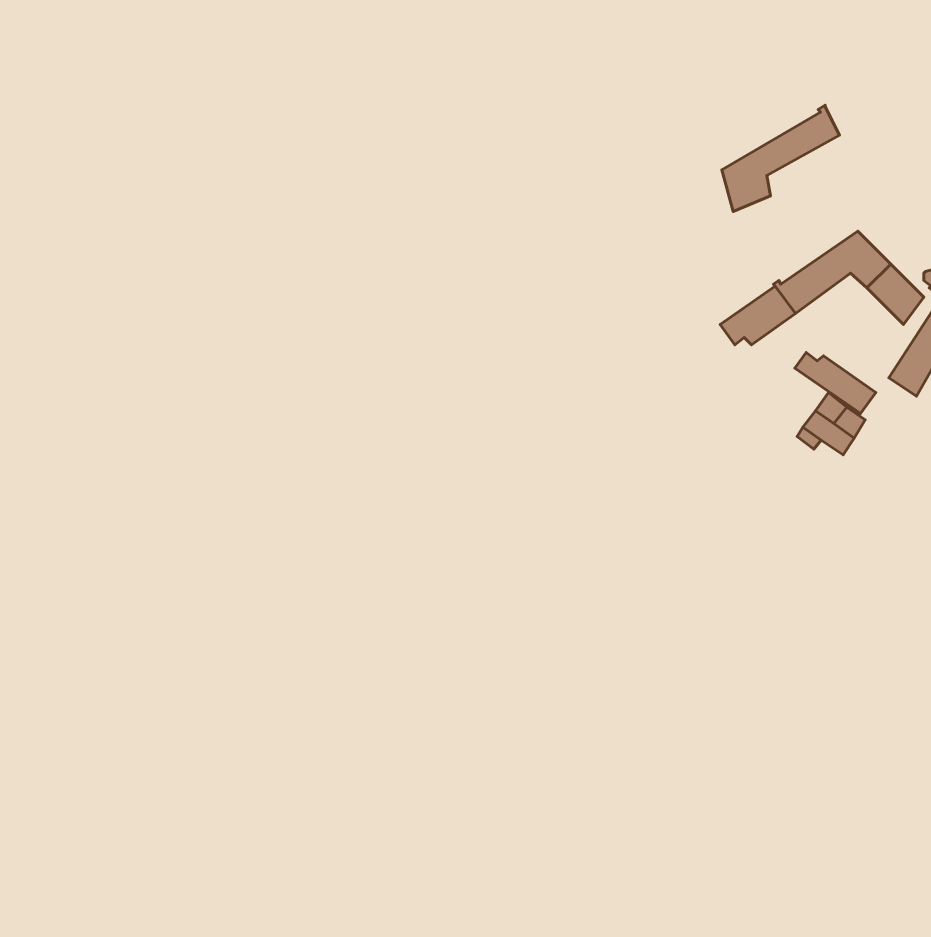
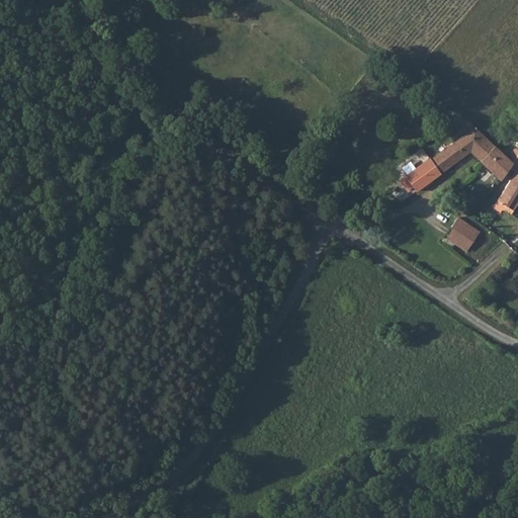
building: [722,105,839,211] -> none
building: [795,353,876,414] -> none

